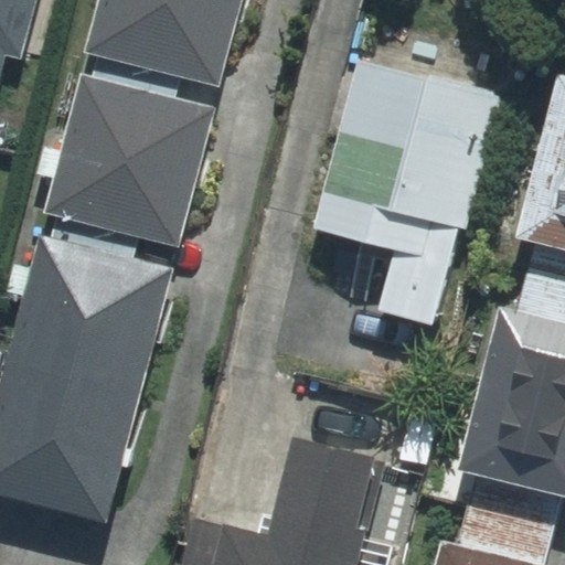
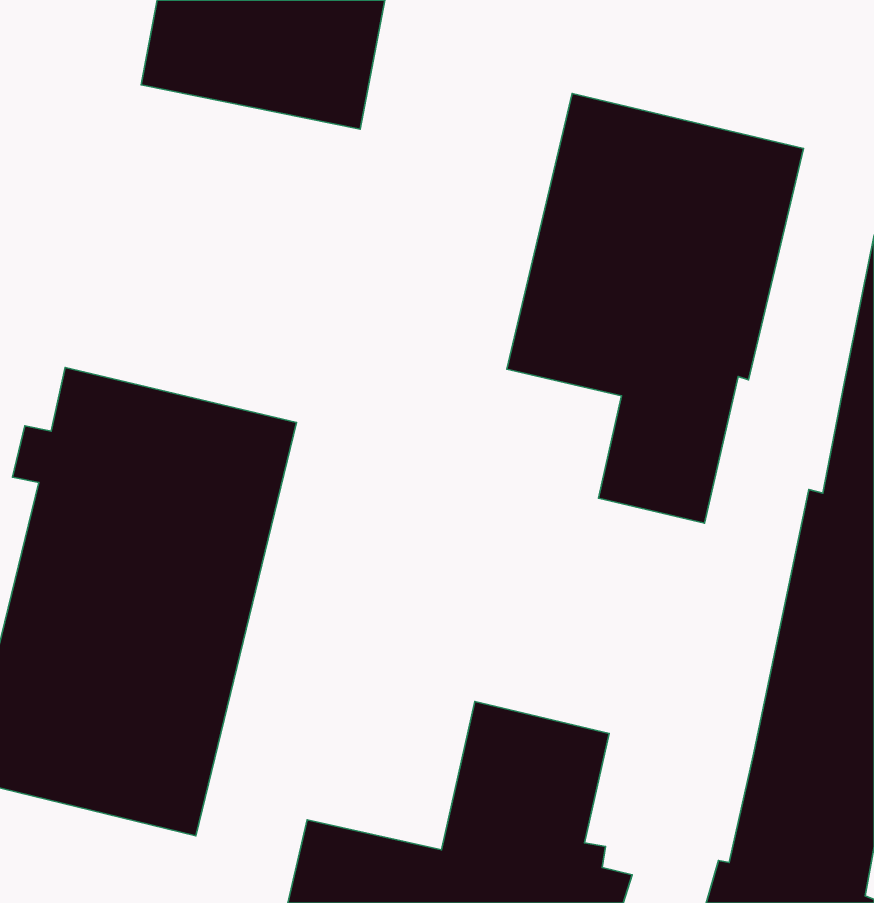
building: [33,75,215,244] -> none

